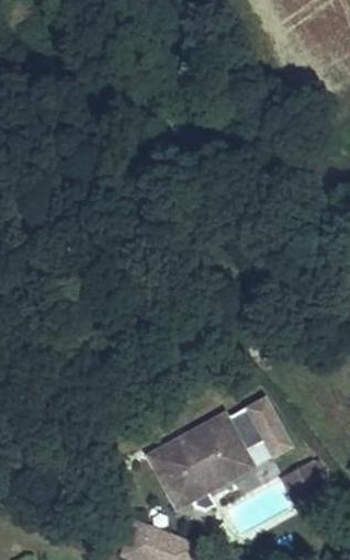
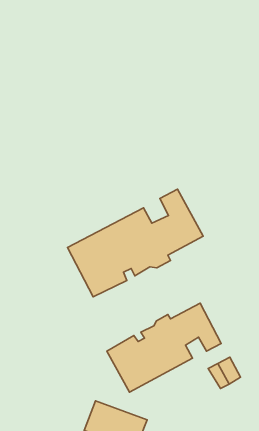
building: none -> [68,189,203,297]

